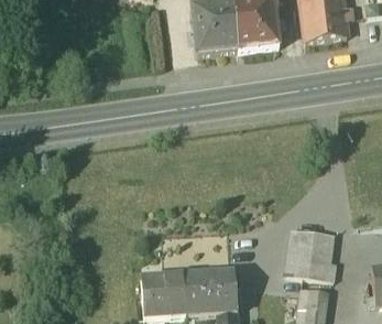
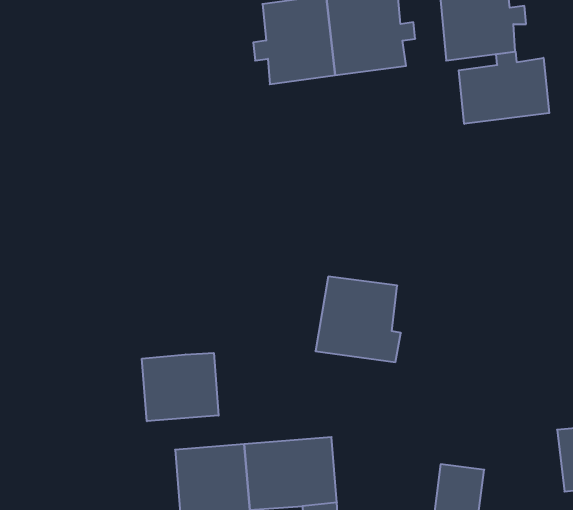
building: none -> [459,51,549,124]
building: none -> [142,353,219,421]
building: [284,225,336,277] -> [315,277,401,362]

